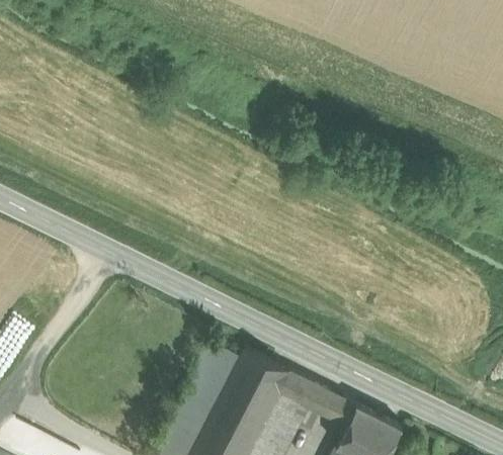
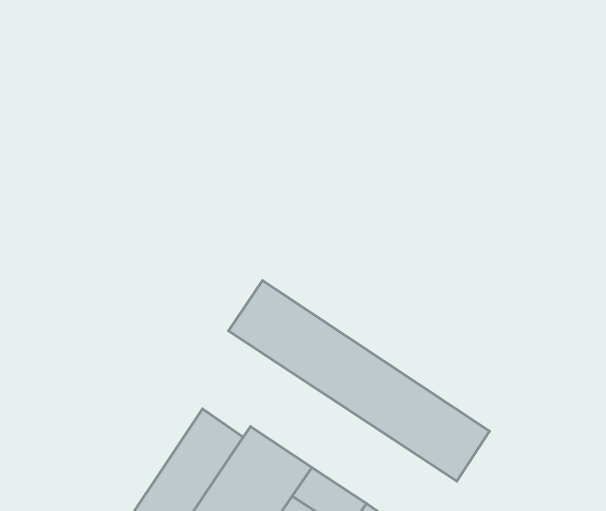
building: none -> [228,280,489,481]

